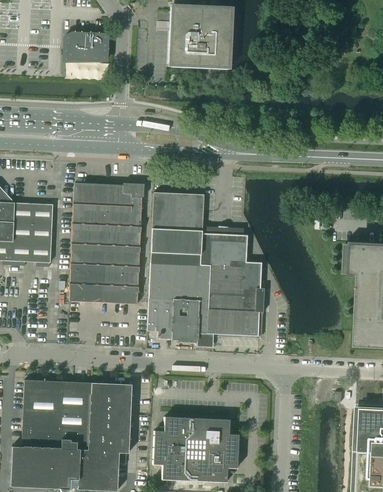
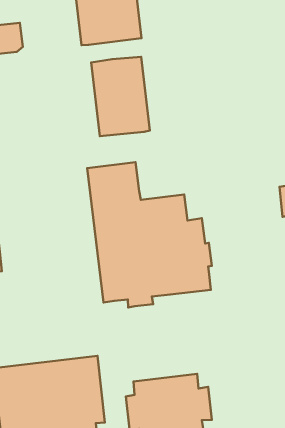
building: none -> [91,57,150,136]
building: [69,182,144,304] -> none

